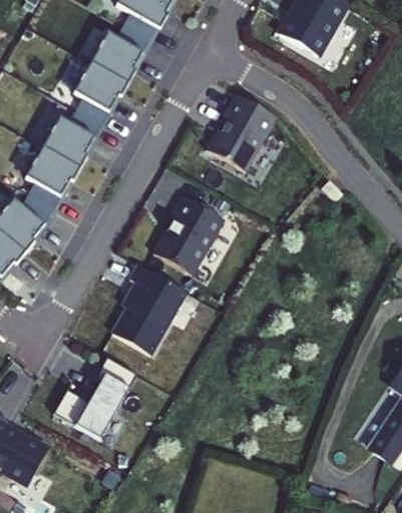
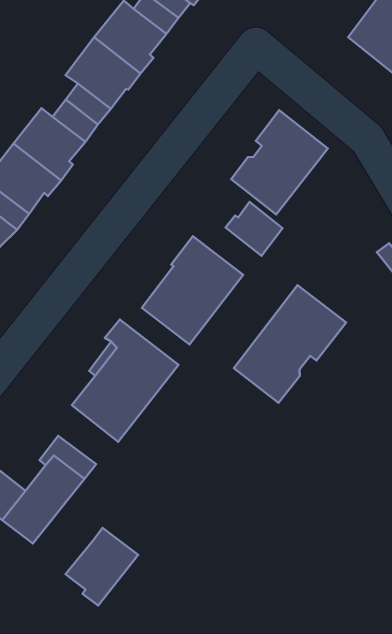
building: none -> [225,202,283,256]
building: none -> [234,285,346,403]
building: none -> [66,528,138,606]

